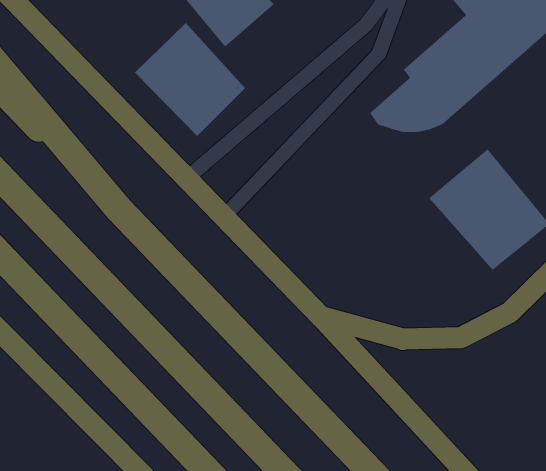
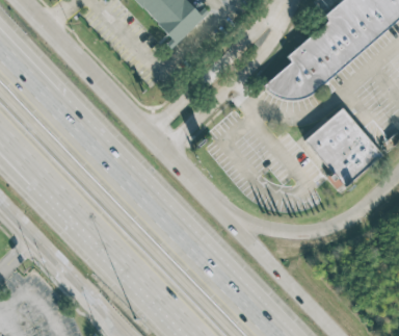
building: [134,22,246,137] -> none

